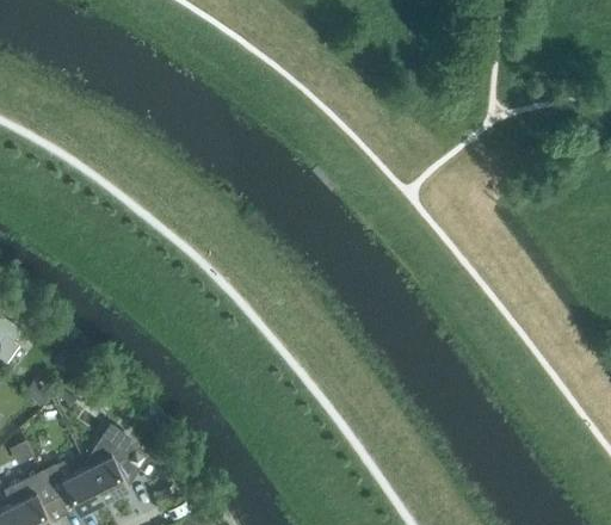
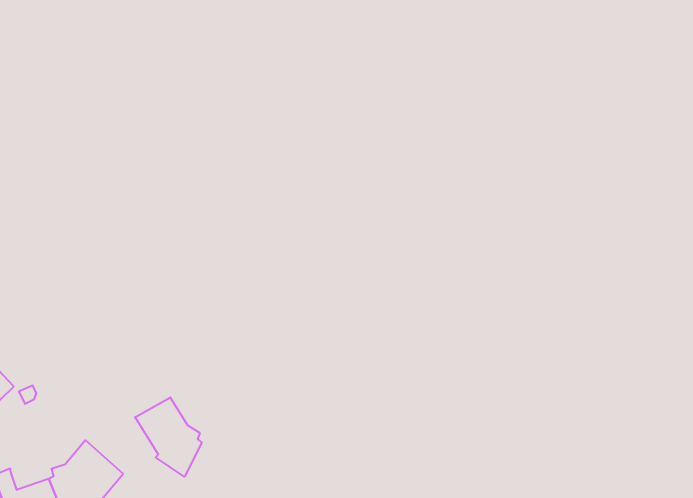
building: none -> [135,397,202,477]

